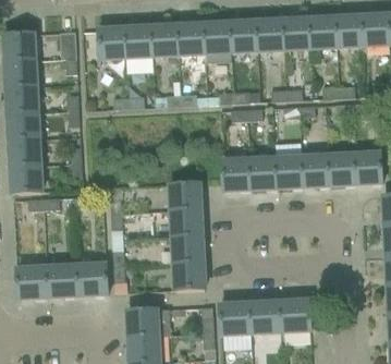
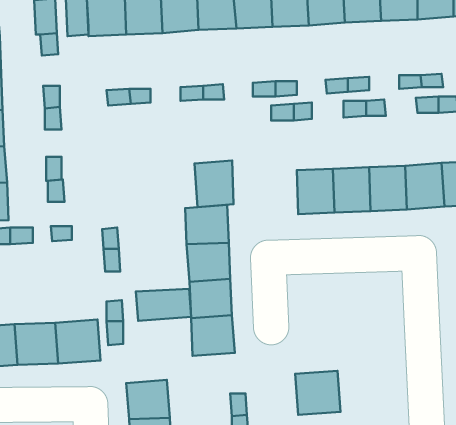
building: [222,156,251,190] -> [194,160,234,207]
building: none -> [136,289,191,321]
building: [279,299,310,330] -> none
building: [219,303,251,335] -> none

